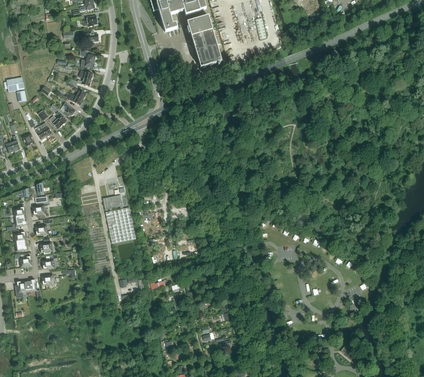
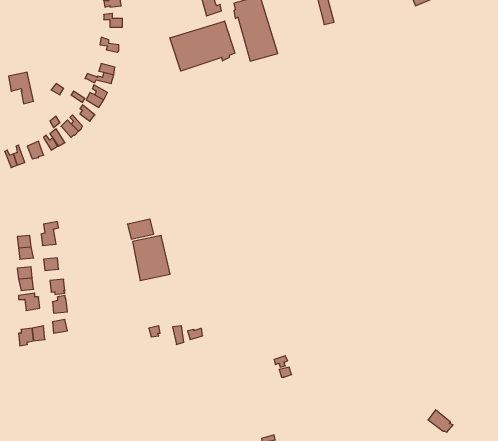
building: none -> [170,21,235,71]

